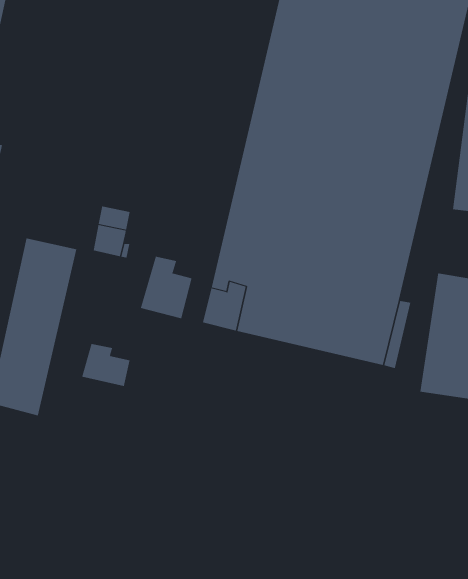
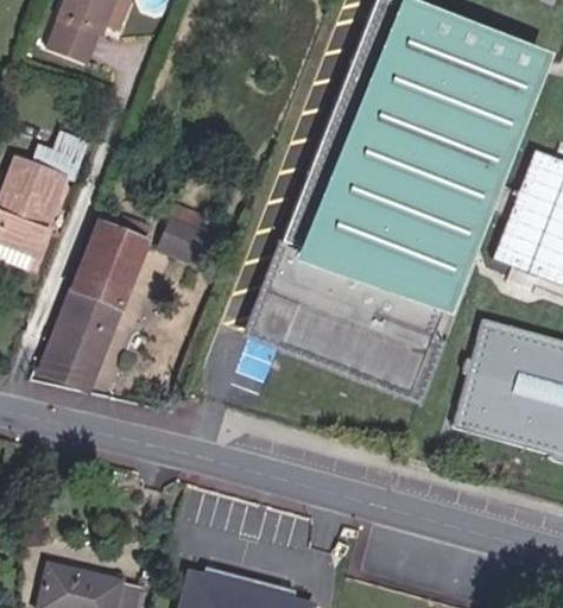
building: [140,256,192,319] -> none
building: [82,343,130,387] -> none

